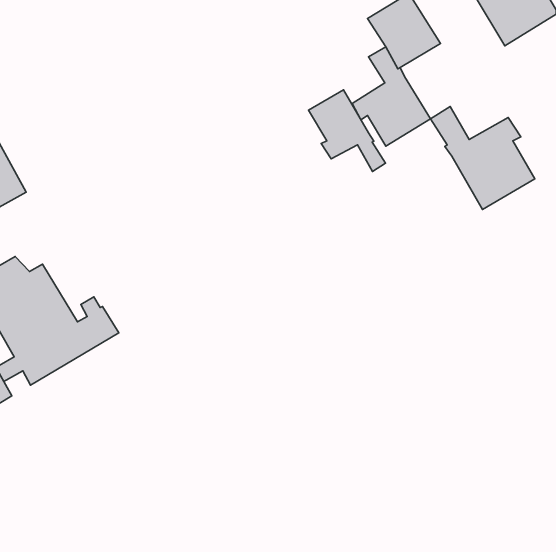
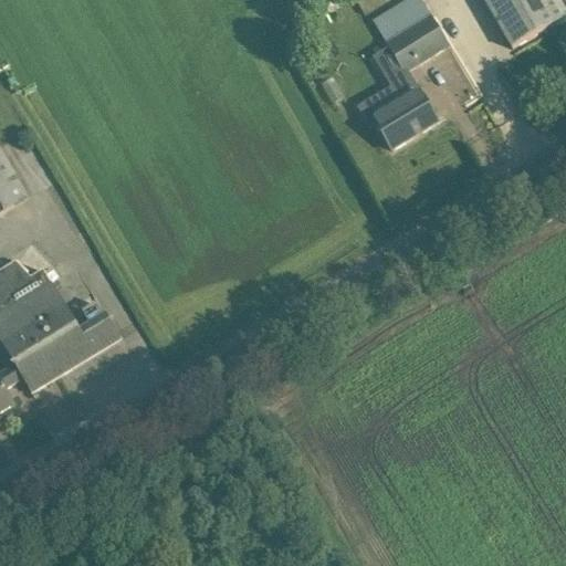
building: [309,90,386,171] -> none
building: [431,106,535,209] -> none

